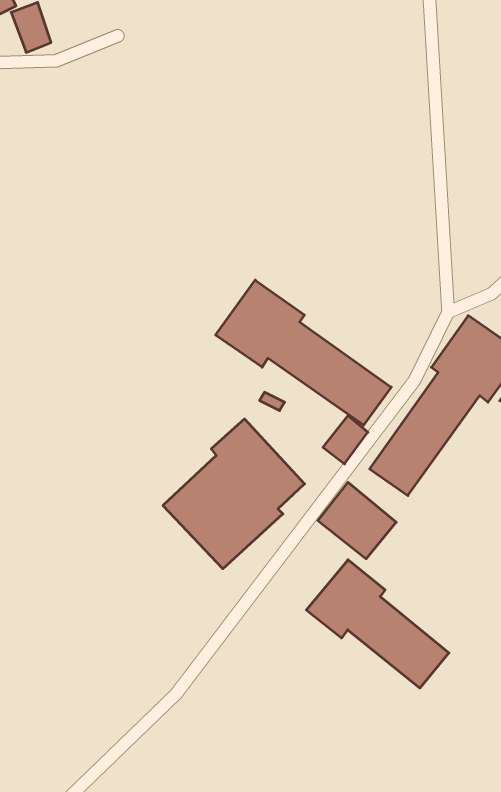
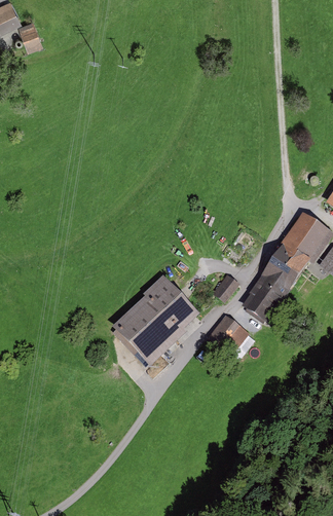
building: [216,280,391,425] -> none
building: [306,560,449,688] -> none

